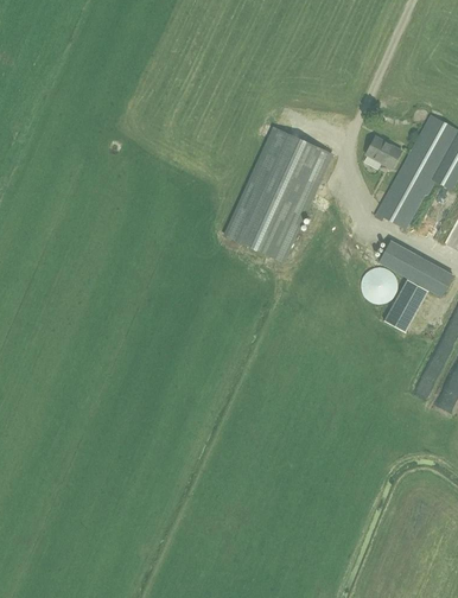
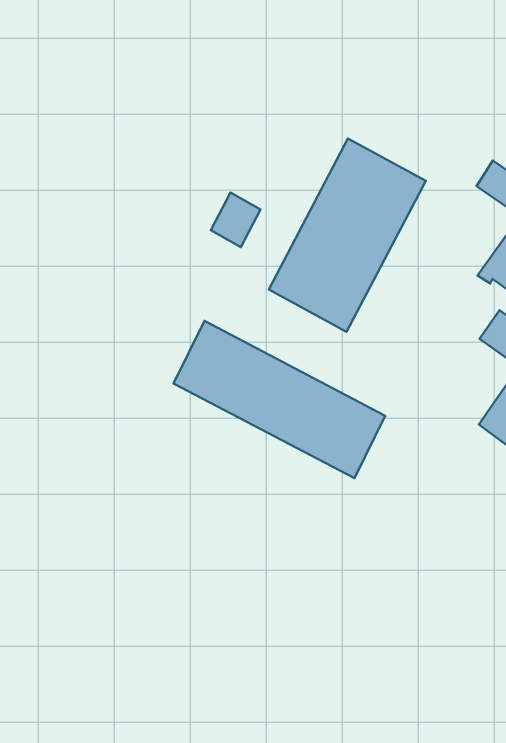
building: none -> [211,193,261,247]
building: none -> [174,321,385,478]

